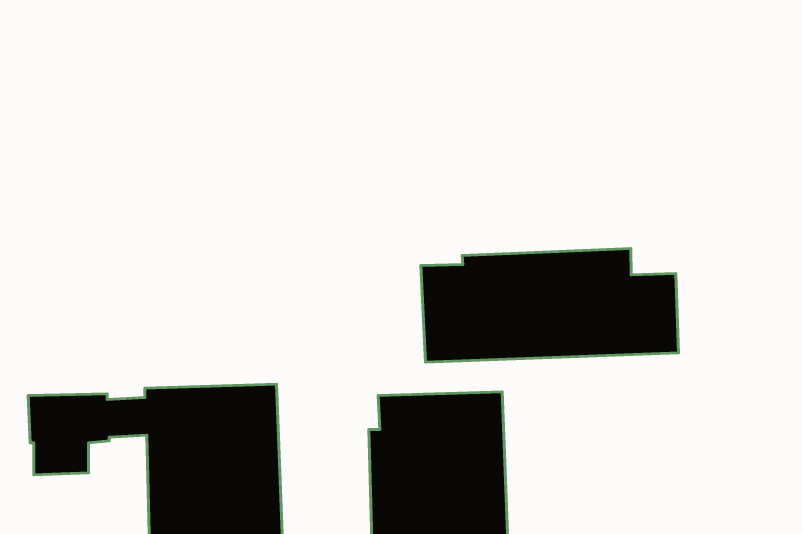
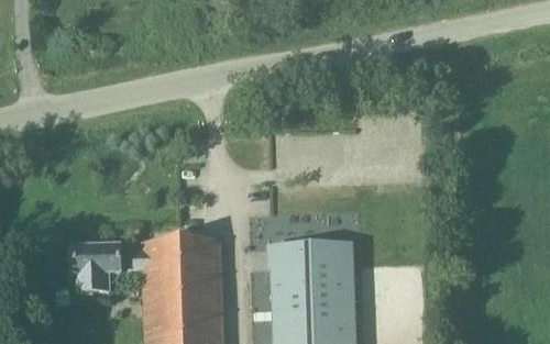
building: [421,248,679,362] -> none

